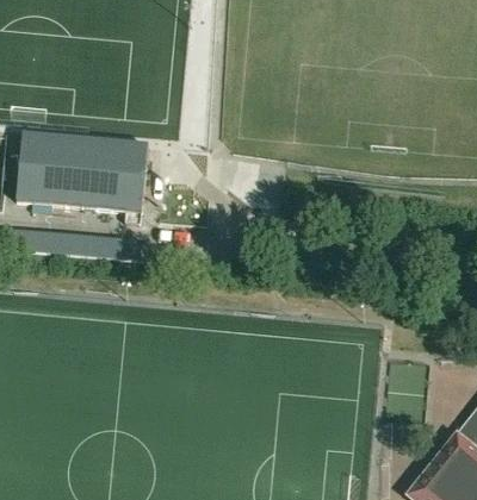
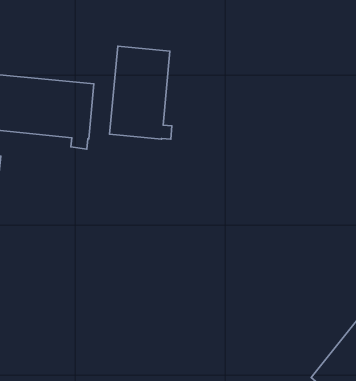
building: none -> [110,46,172,139]

